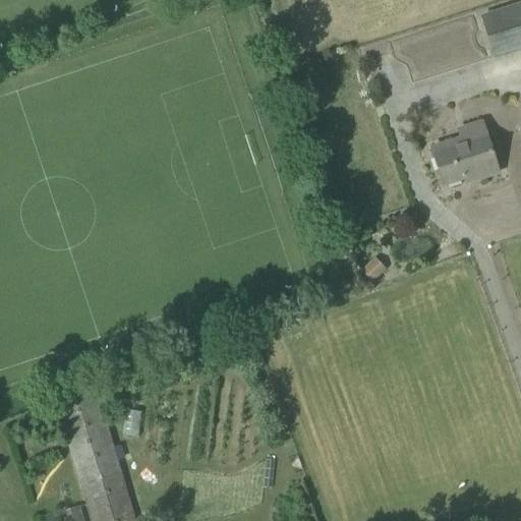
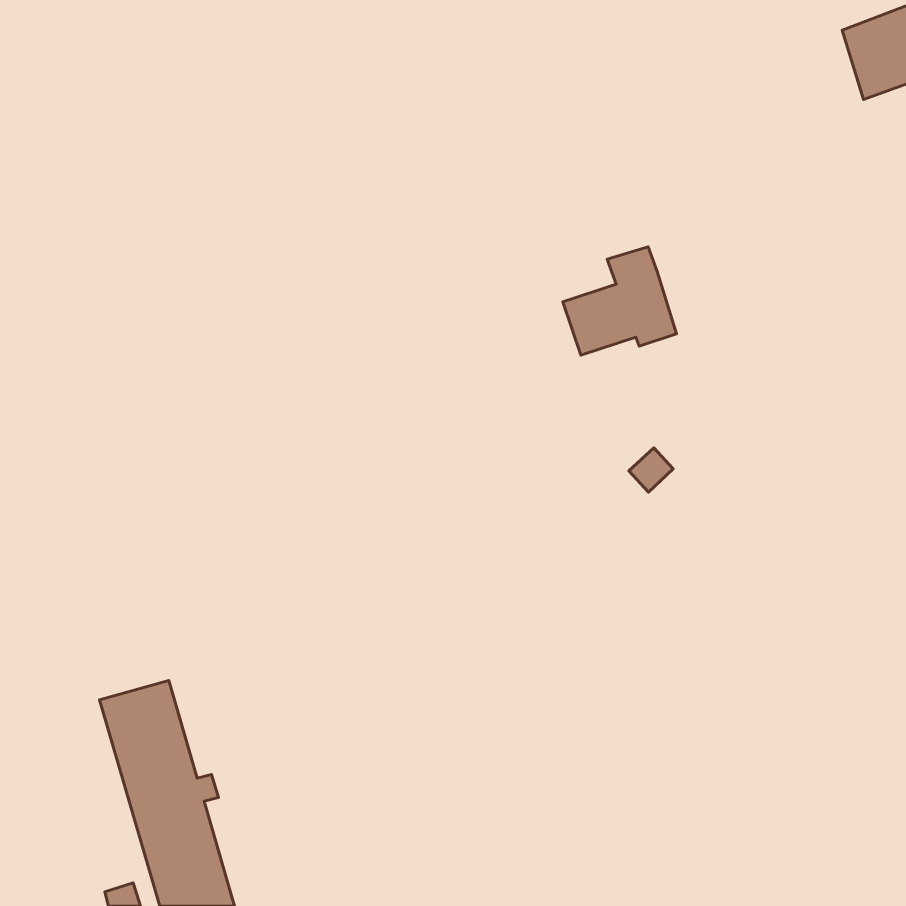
building: [435,122,500,184] -> [563,247,677,355]

